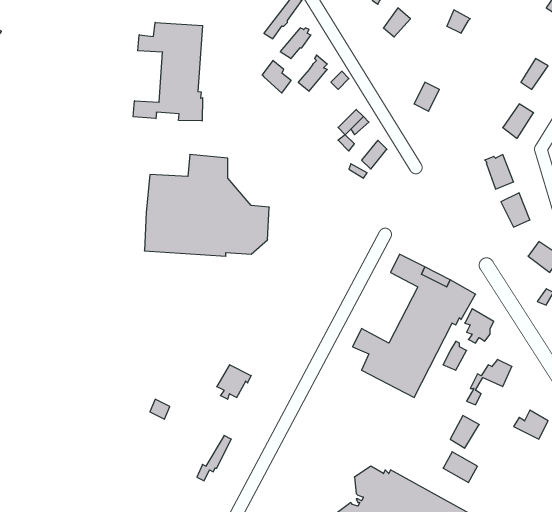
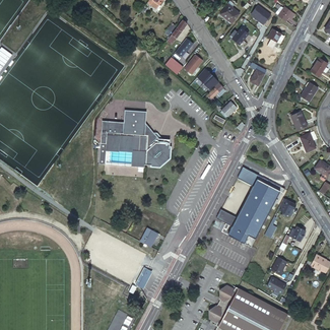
building: [133,22,203,121] -> none

